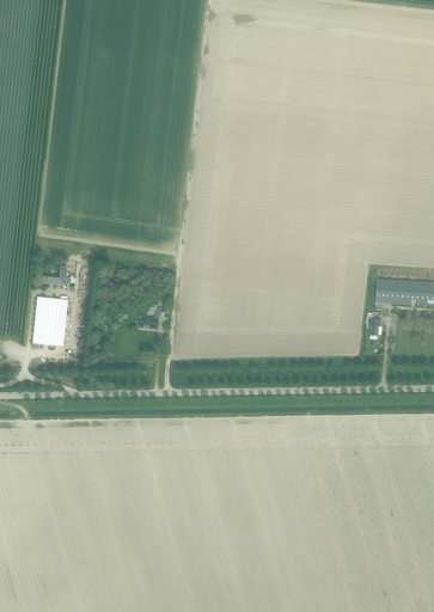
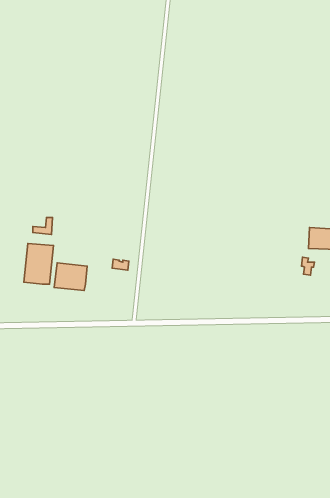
building: none -> [54,263,87,291]

